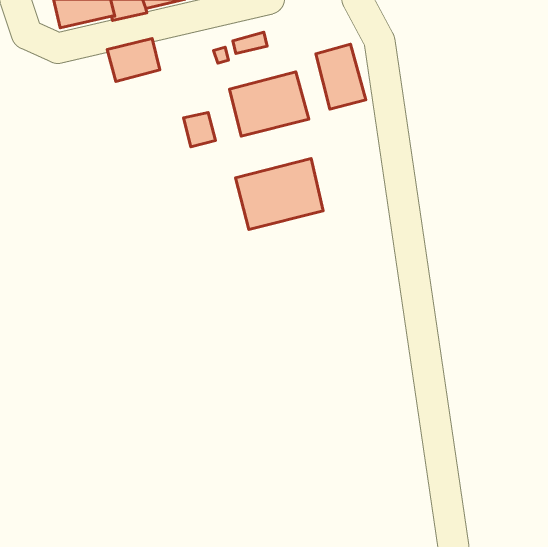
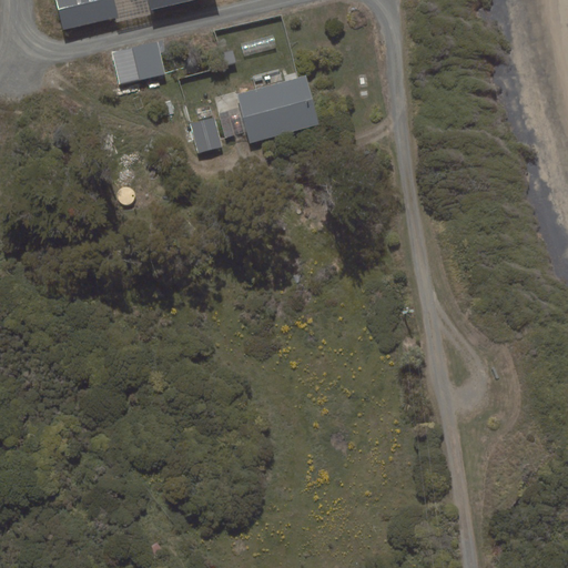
building: [316,44,366,109] -> none
building: [236,159,323,229] -> none

